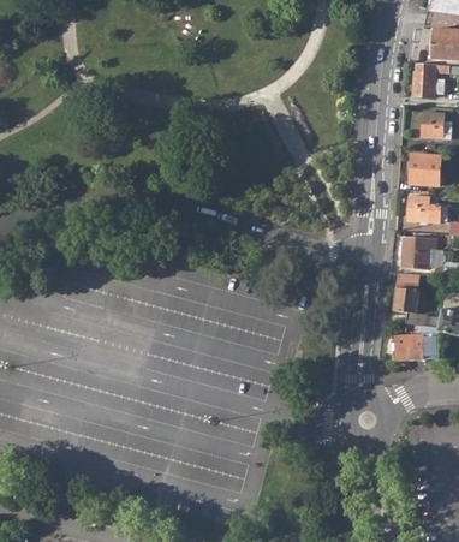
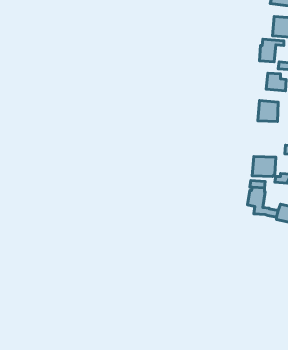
building: [406,195,440,222] -> none
building: [393,323,439,361] -> none

